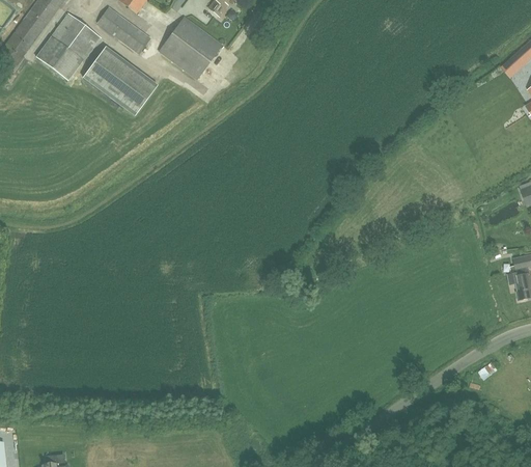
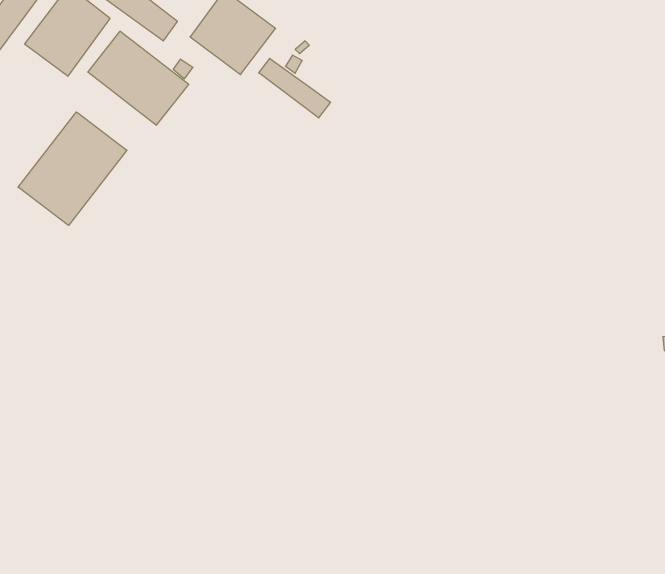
building: none -> [259,58,330,118]
building: none -> [18,112,127,225]

